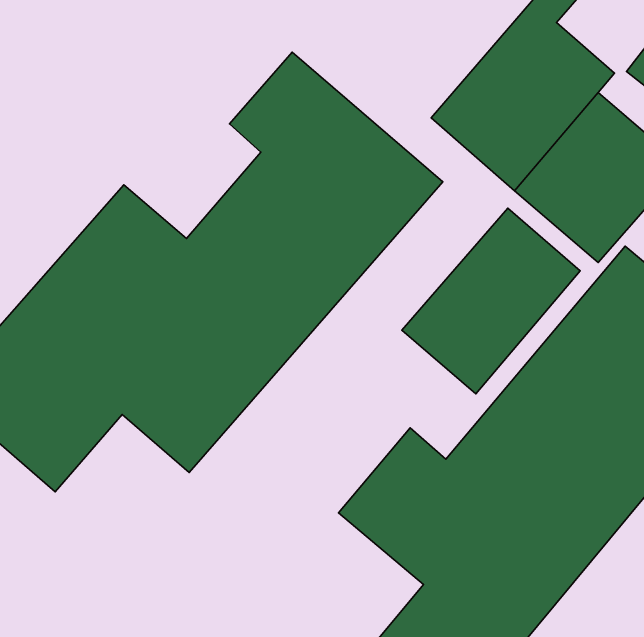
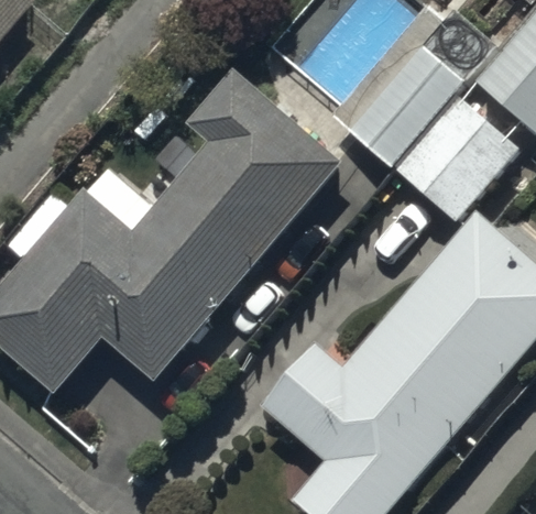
building: [402,208,580,394] -> none

